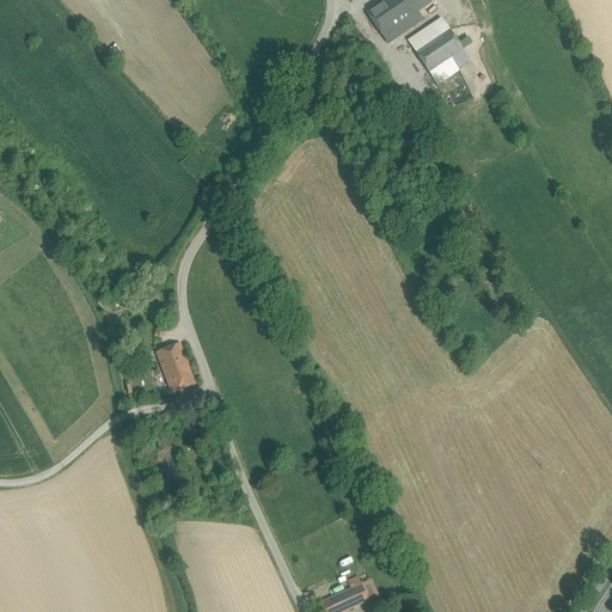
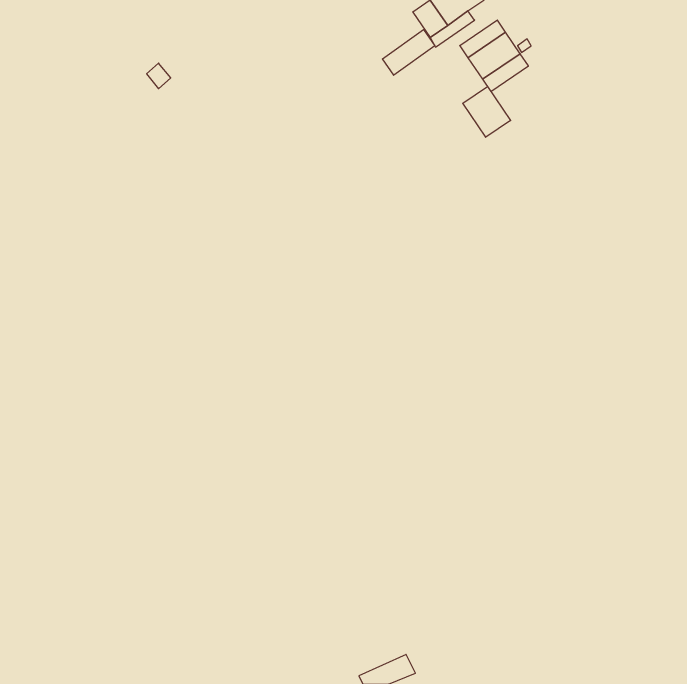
building: none -> [382,30,435,75]
building: none -> [463,87,511,137]
building: [157,343,195,392] -> none

